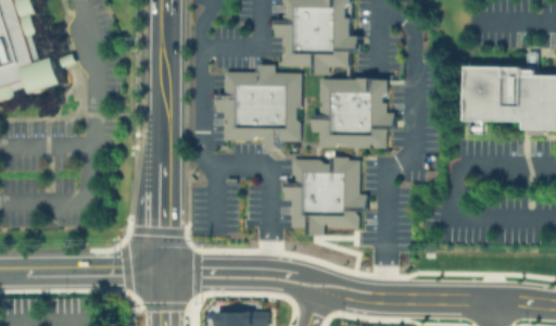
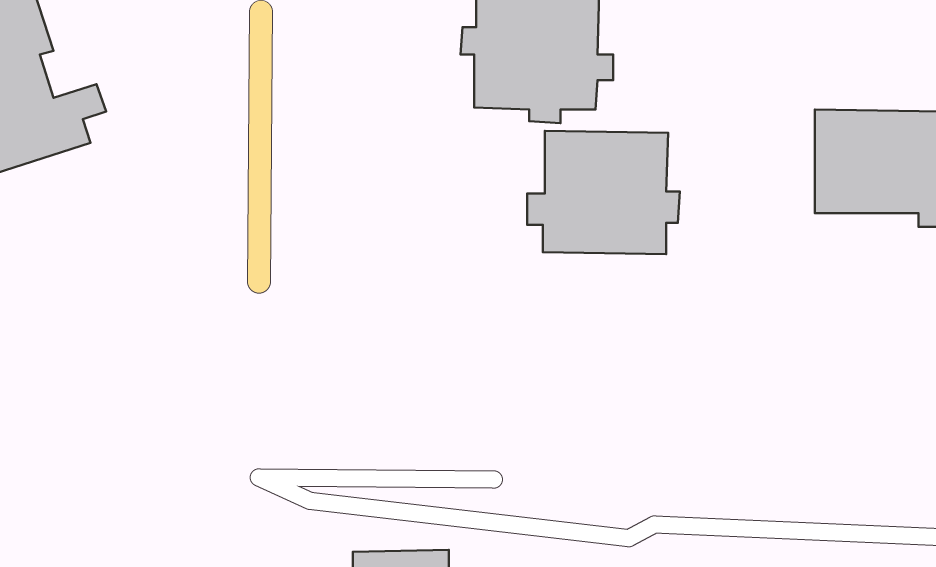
building: [215,64,301,148] -> none
building: [282,156,366,235] -> none

